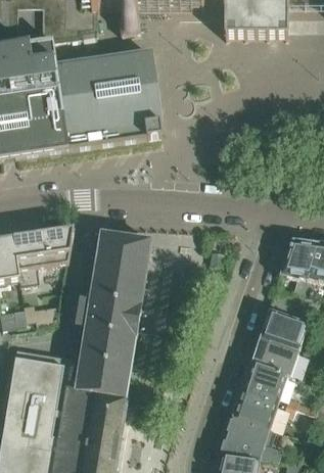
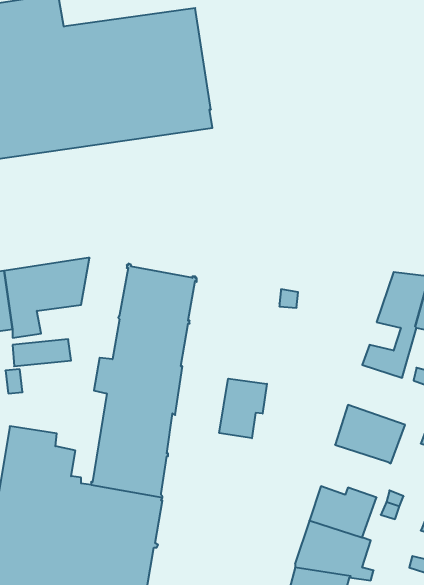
building: [259,306,308,345] -> none
building: none -> [219,379,267,438]
building: [239,360,287,397] -> none

